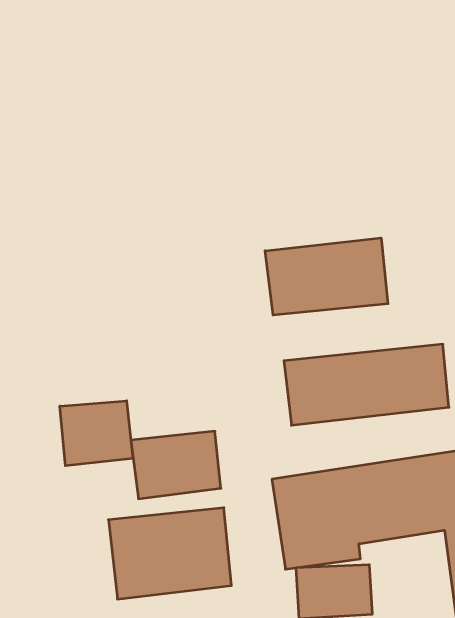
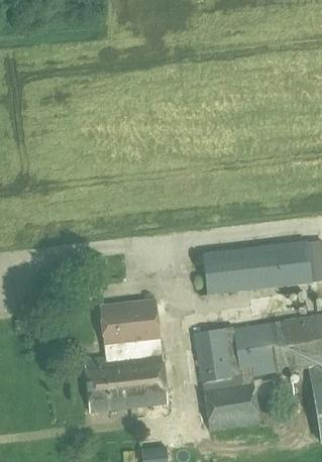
building: [265,238,388,315] -> none
building: [60,401,133,466] -> none

